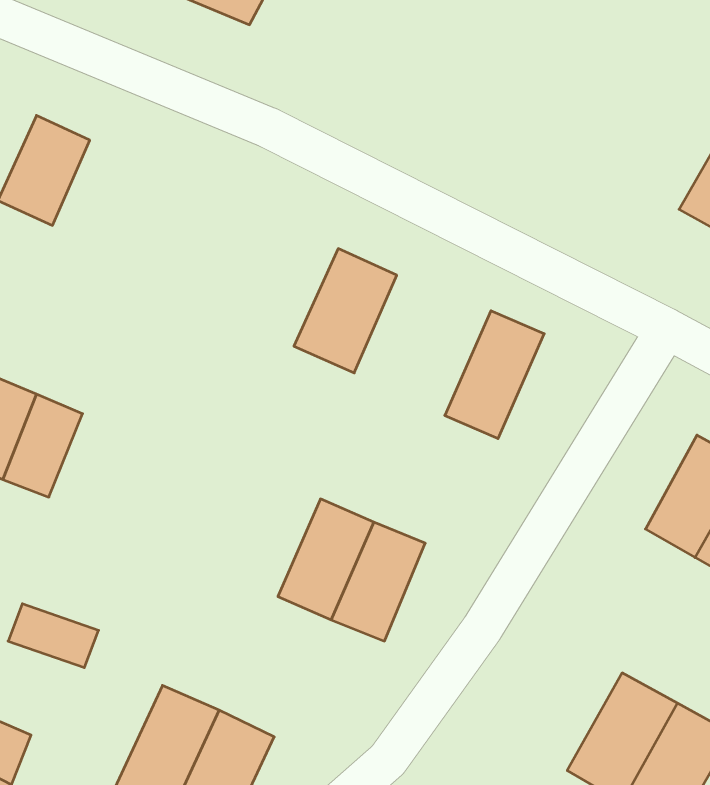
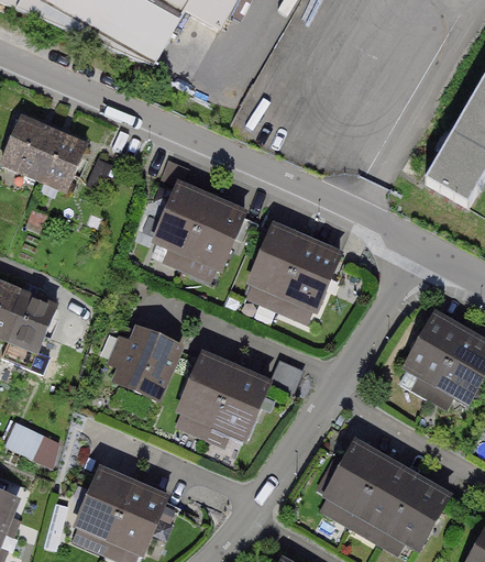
building: none -> [34,131,91,198]
building: none -> [146,181,211,258]
building: none -> [245,222,306,301]
building: none -> [111,326,185,406]
building: none -> [319,441,387,521]

